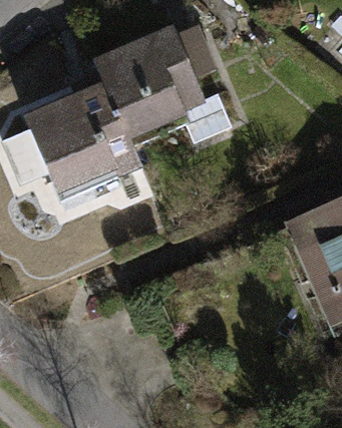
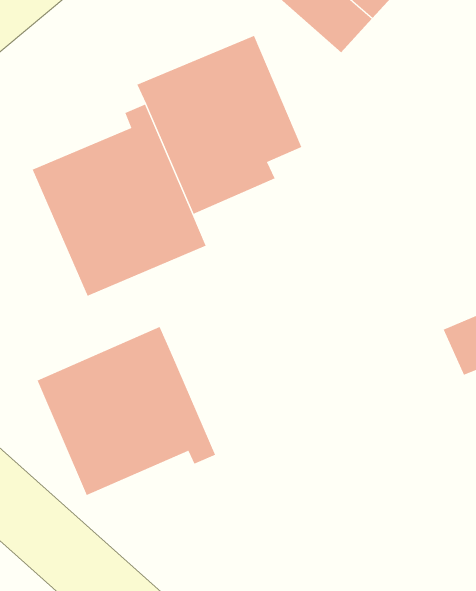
building: none -> [37,326,216,496]

